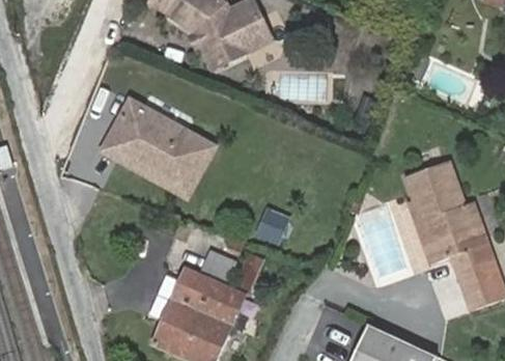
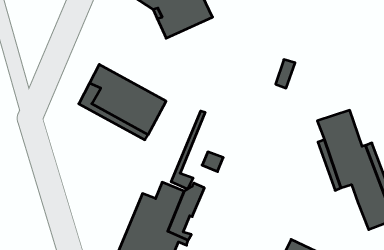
building: none -> [171,111,205,189]

